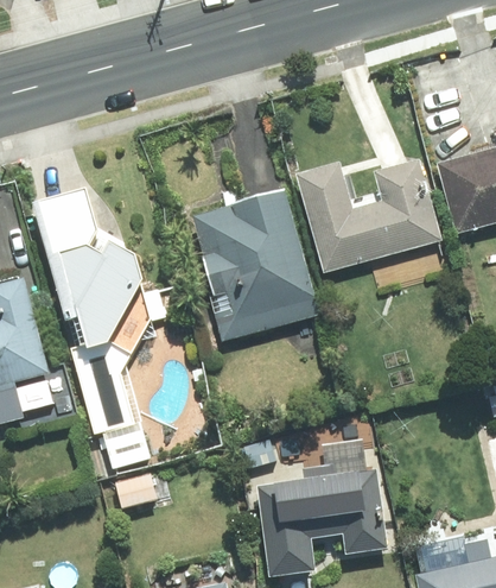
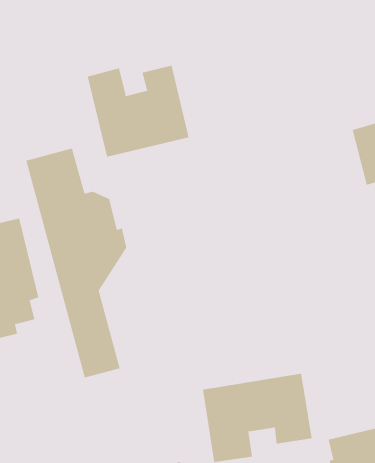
building: none -> [87,65,189,158]
building: [300,156,444,272] -> none
building: [191,183,320,343] -> none

